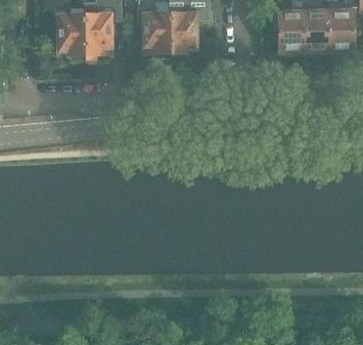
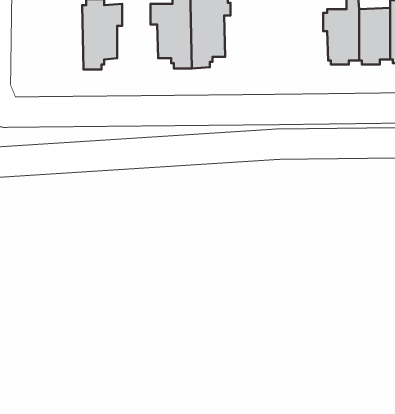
building: [52,6,85,57] -> none

